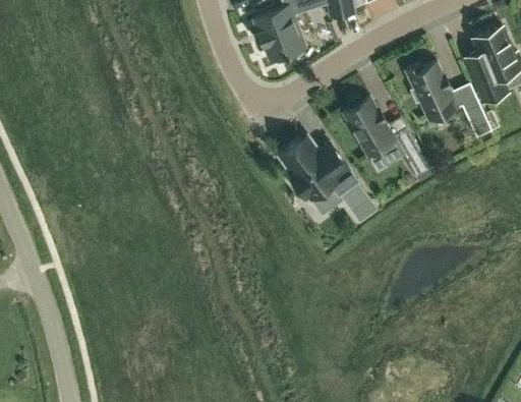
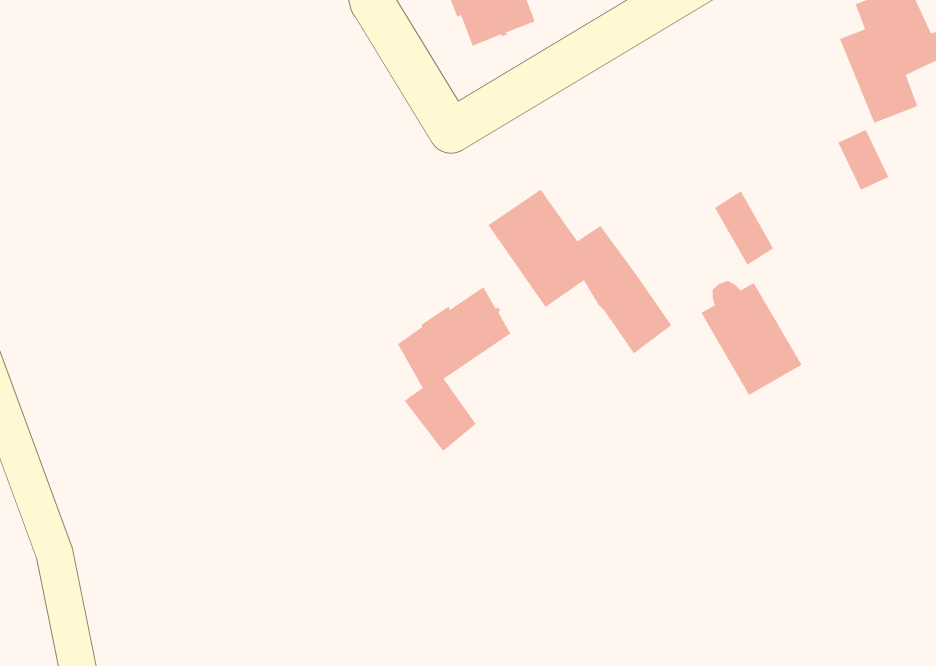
building: [406,62,459,121] -> none
building: [343,96,397,157] -> [700,280,802,396]
building: none -> [397,286,511,452]

